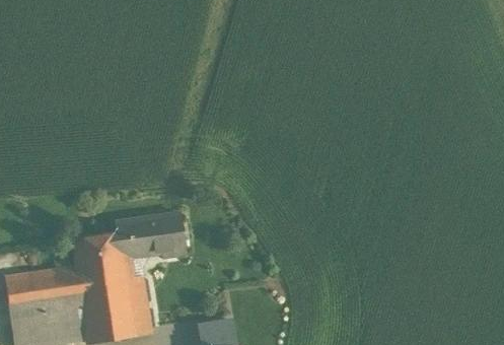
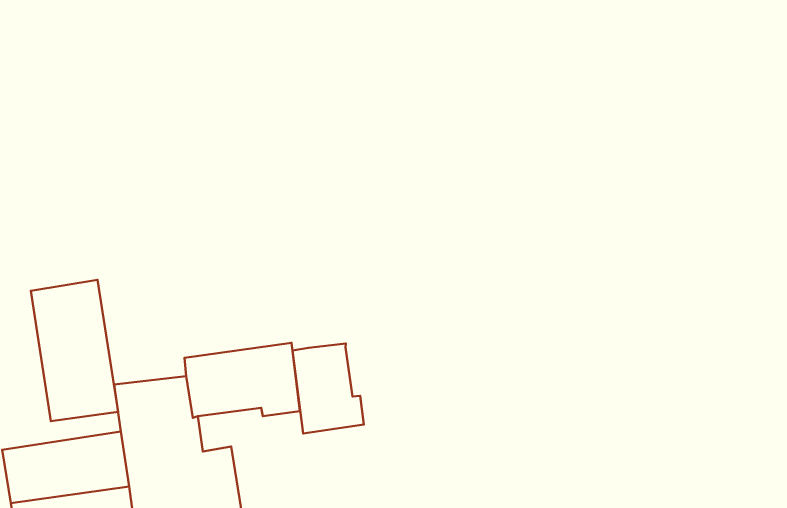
building: none -> [31,280,118,421]
building: none -> [292,343,364,433]

